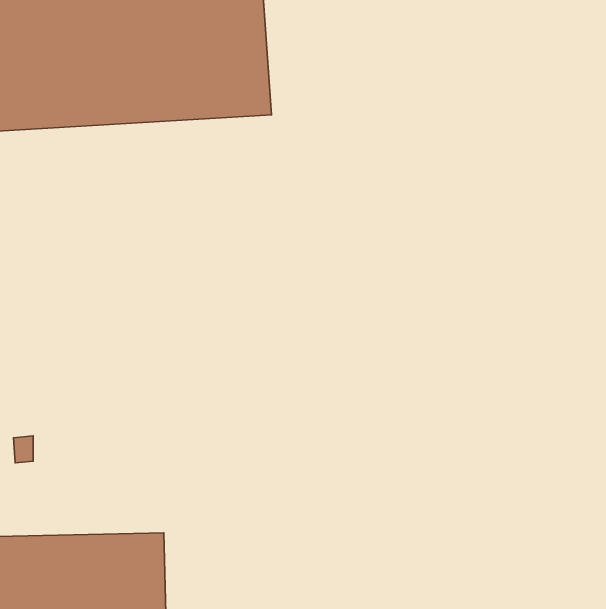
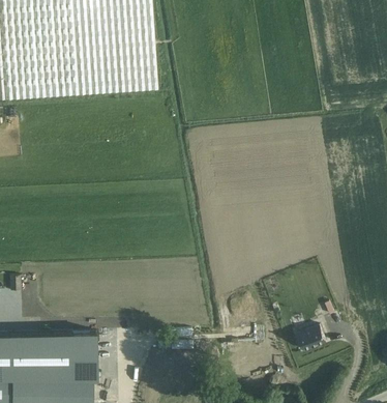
building: none -> [296,325,325,350]

